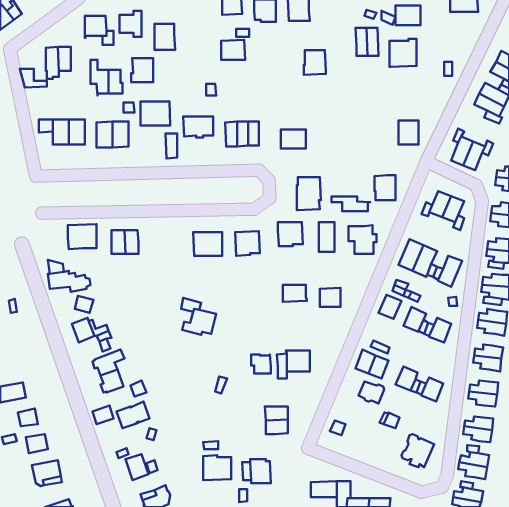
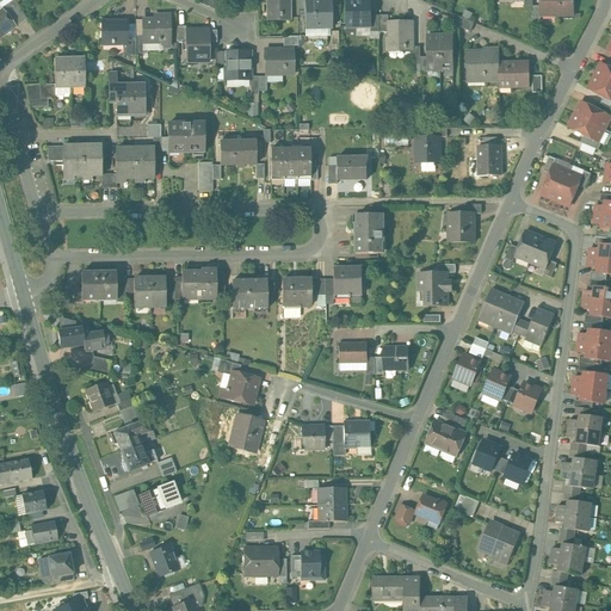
building: [395,5,420,25] -> [499,61,529,85]
building: [304,50,326,75] -> [387,19,413,49]
building: [131,58,153,82] -> [224,49,251,78]
building: none -> [416,135,439,161]
building: [332,197,370,211] -> none
building: [319,222,335,252] -> none
building: none -> [181,267,217,297]
building: none -> [229,414,263,450]
building: [358,382,384,403] -> [415,494,446,520]

